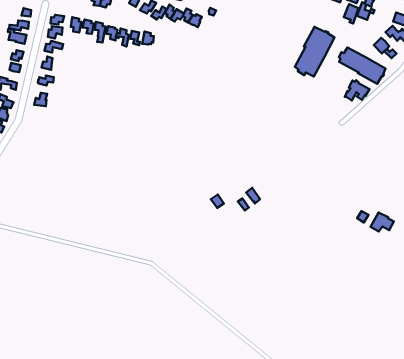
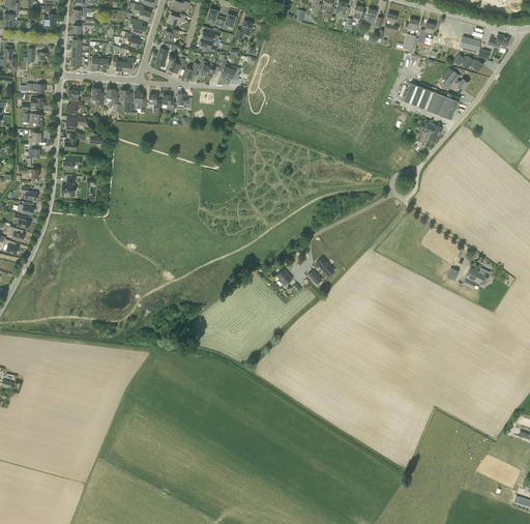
building: [295,27,334,77] -> none

